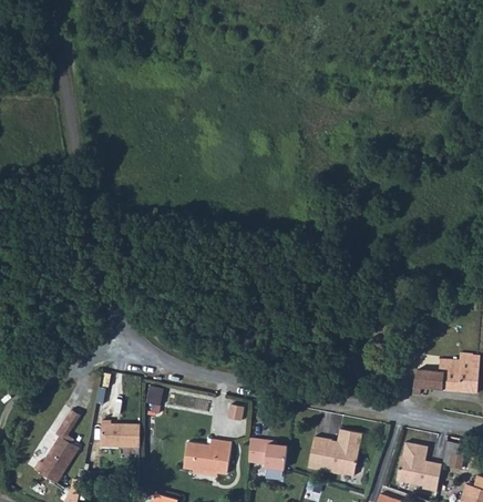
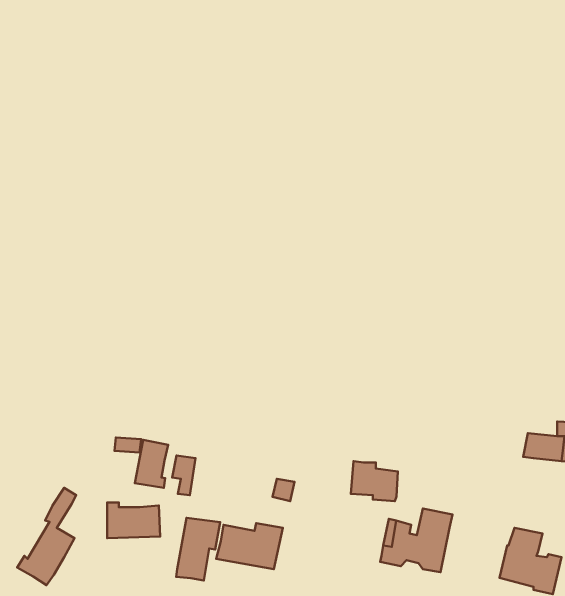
building: none -> [135,440,168,488]
building: none -> [176,518,220,580]
building: [247,439,282,469] -> [351,461,398,501]

